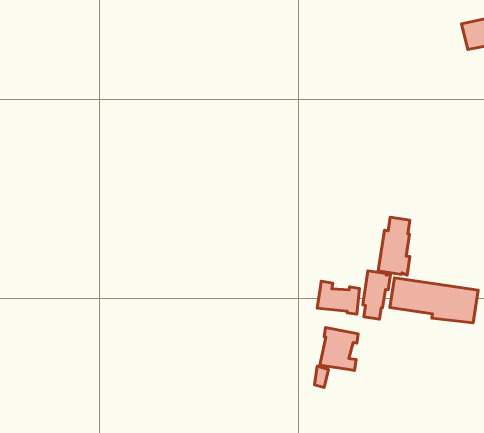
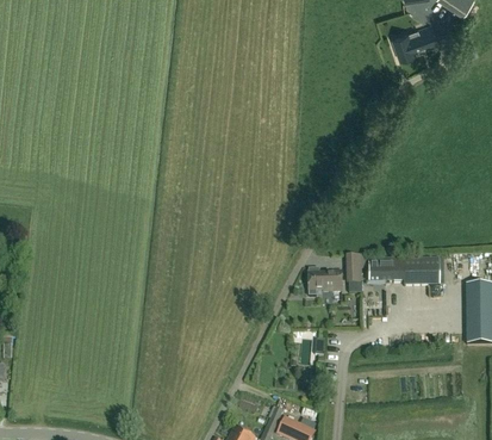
building: [378,217,410,275] -> none
building: [320,327,358,370] -> none

